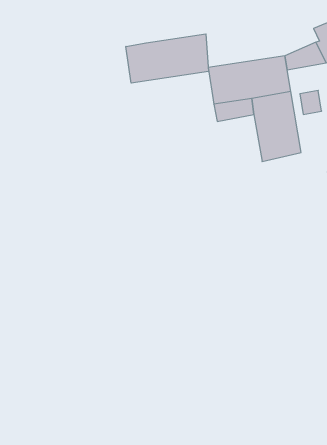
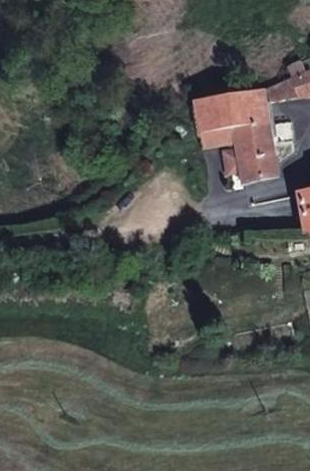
building: [126,34,208,83] -> none

